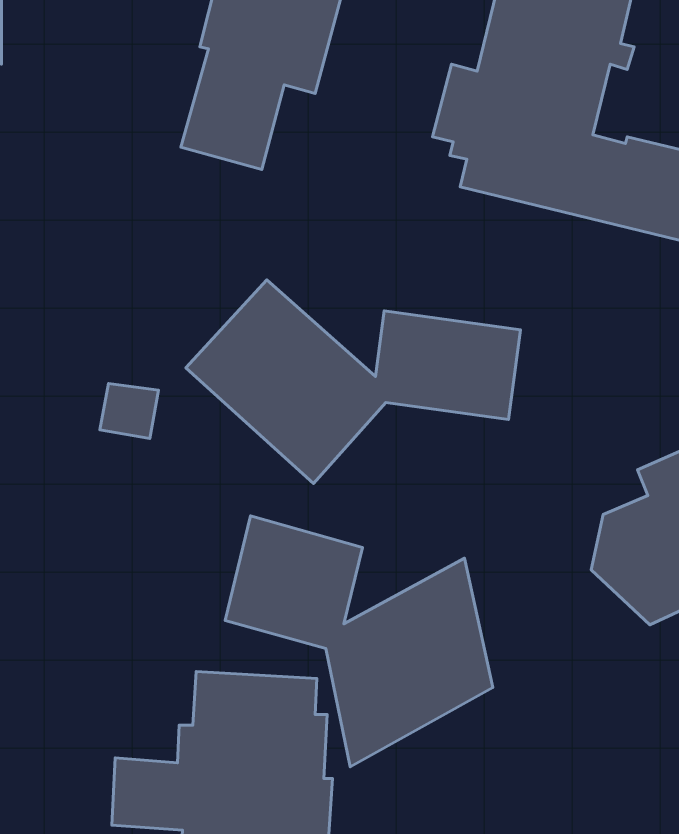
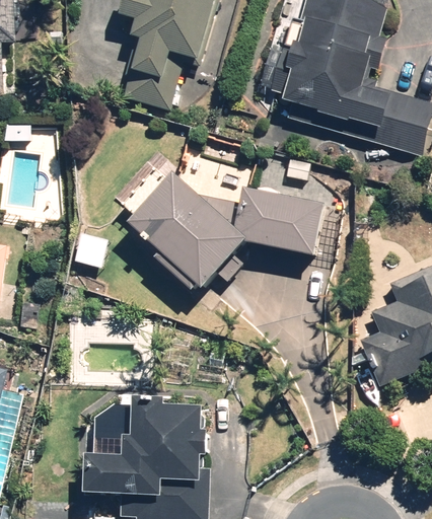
building: [225,516,493,767] -> none

